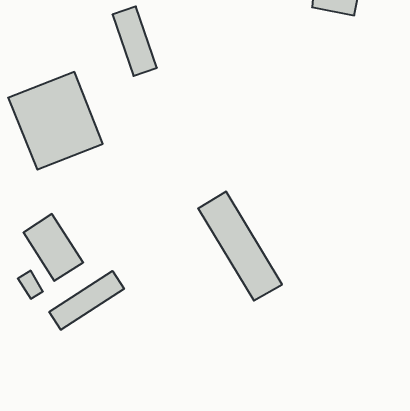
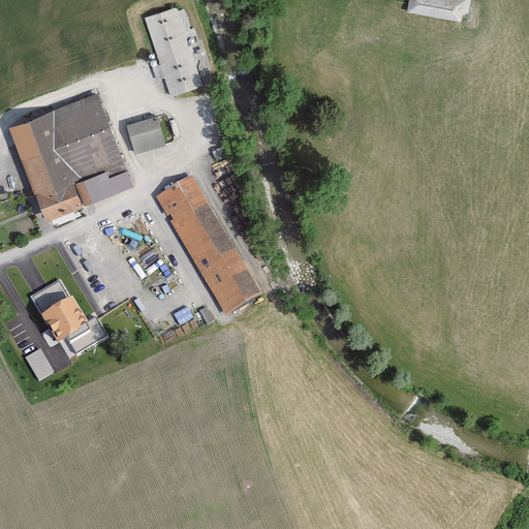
building: none -> [127,117,162,151]
building: [198,192,282,301] -> [155,177,262,316]
building: [49,271,124,330] -> none

